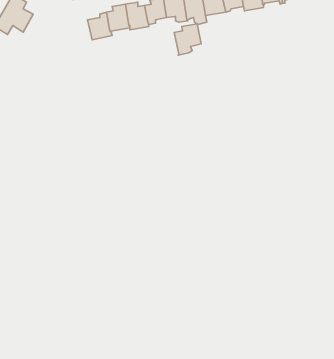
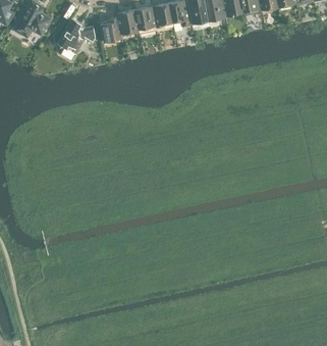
building: none -> [58,17,96,53]
building: [174,24,201,55] -> none

